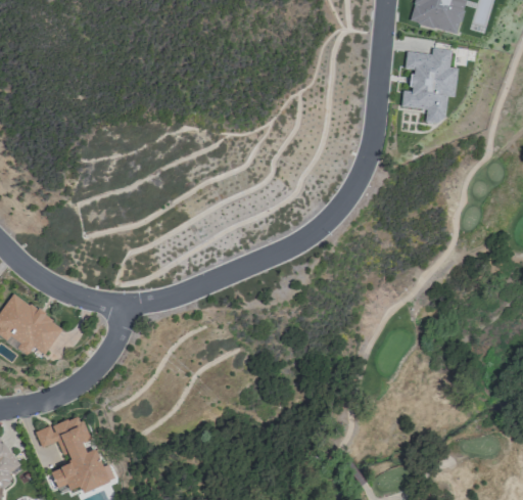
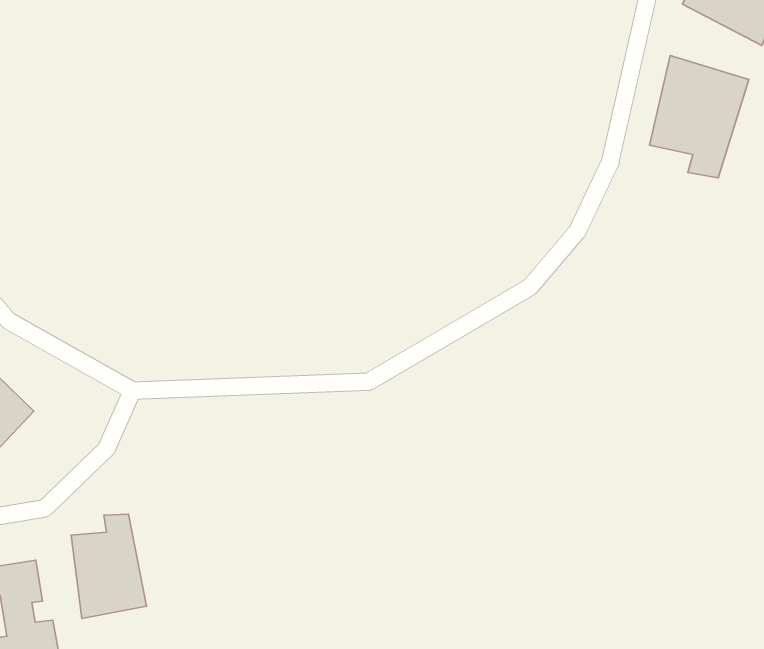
building: none -> [71,514,146,618]

